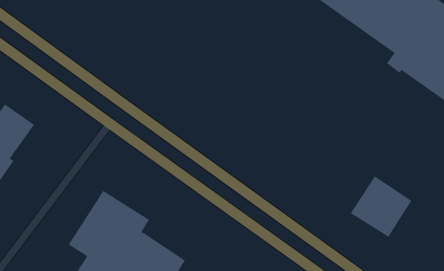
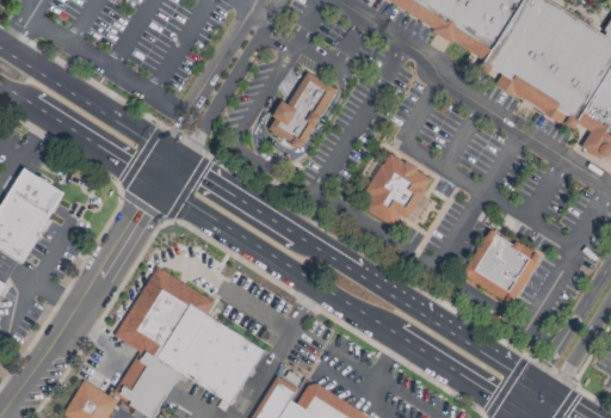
building: none -> [270,72,338,148]
building: none -> [365,152,436,229]

